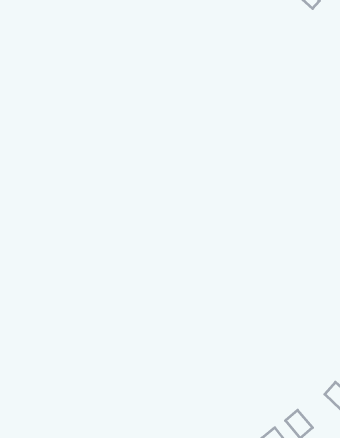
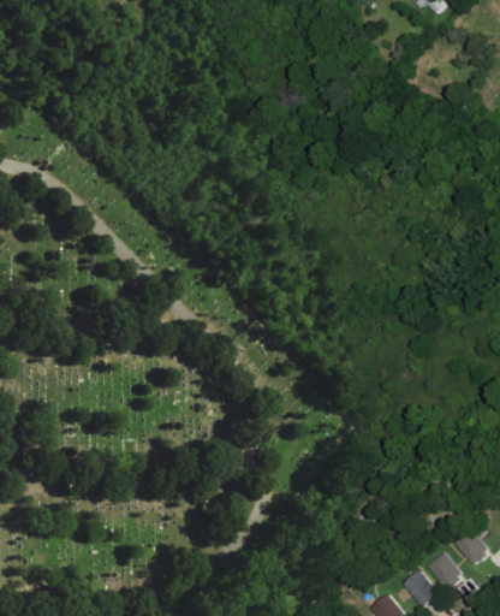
building: none -> [427,553,464,592]

